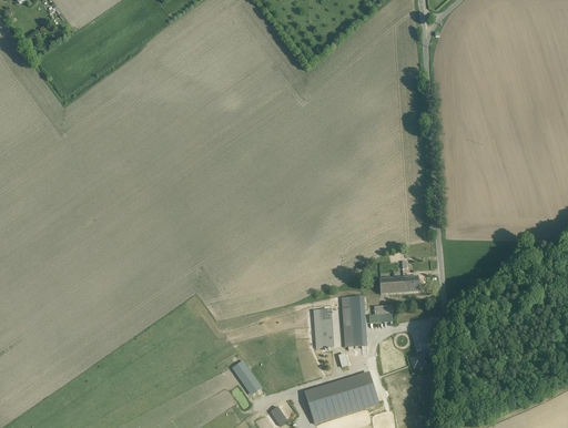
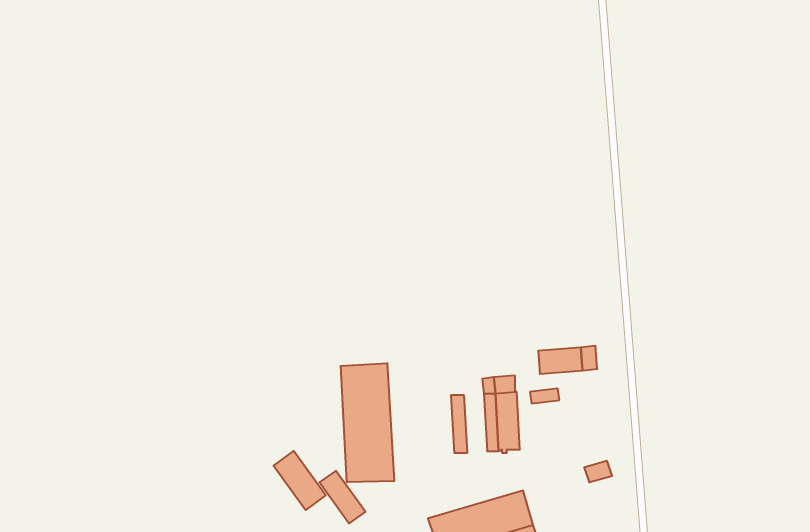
building: none -> [341,363,394,482]
building: none -> [274,451,326,510]

